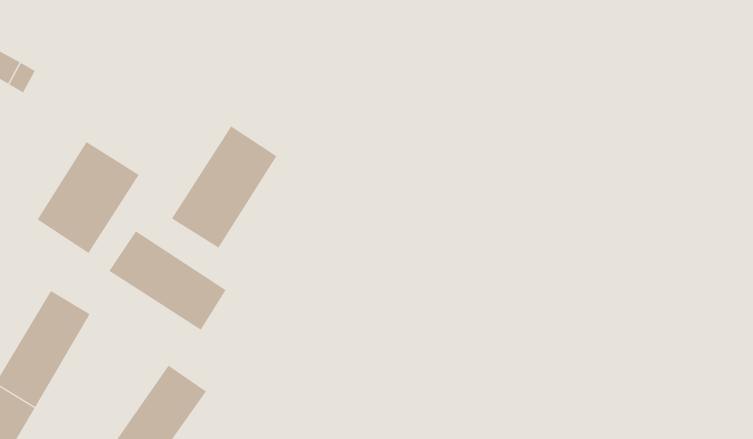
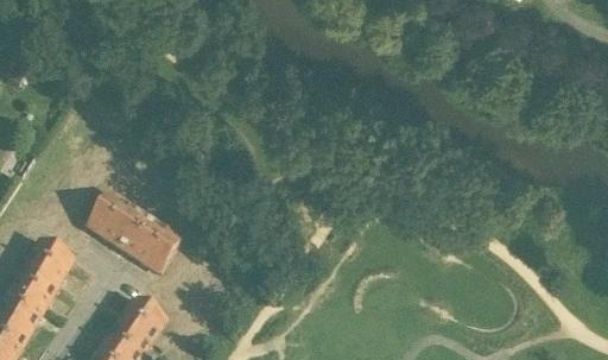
building: [171,126,277,249] -> none
building: [37,141,140,254] -> none

